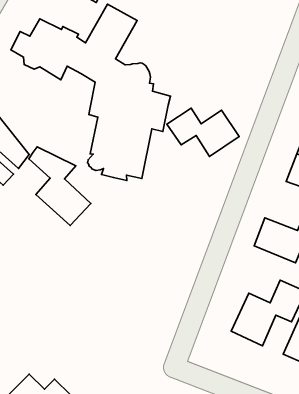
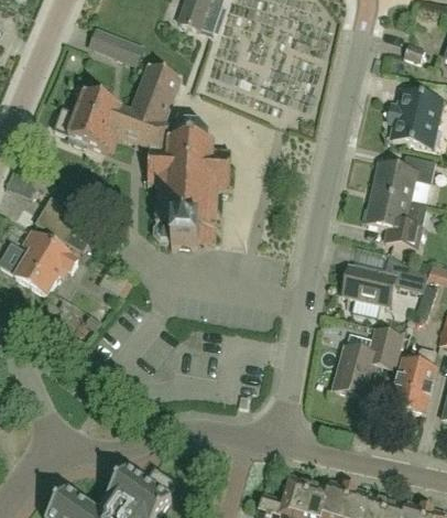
building: [167,108,239,157] -> none
building: [29,147,91,226] -> none

